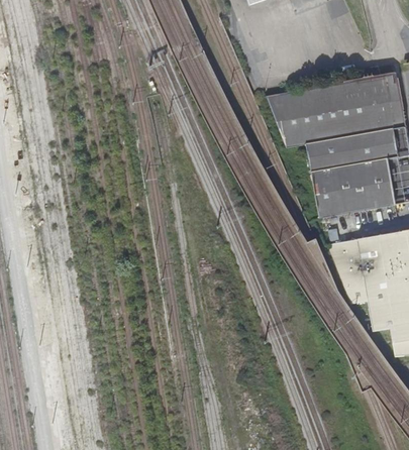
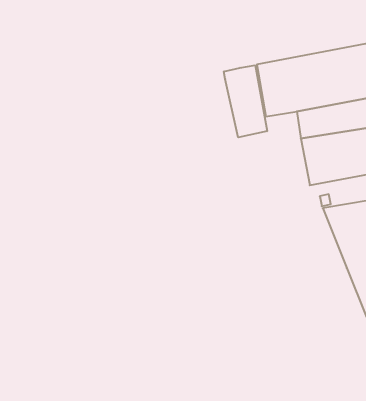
building: none -> [224,65,267,137]

